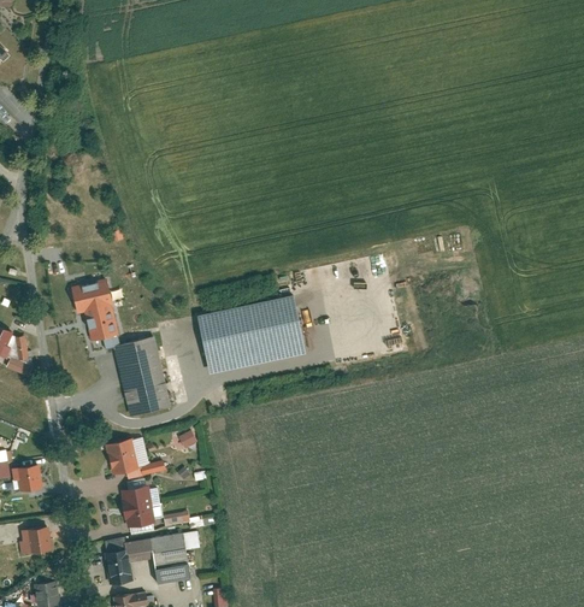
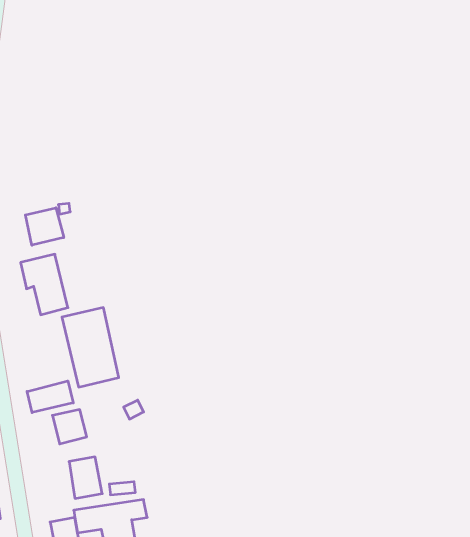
building: none -> [25,208,64,245]
building: [197,296,302,373] -> none
building: none -> [27,381,73,413]

